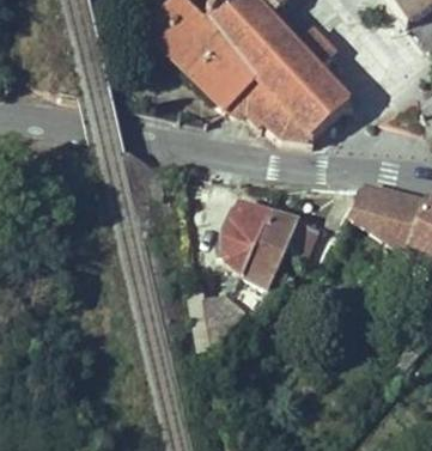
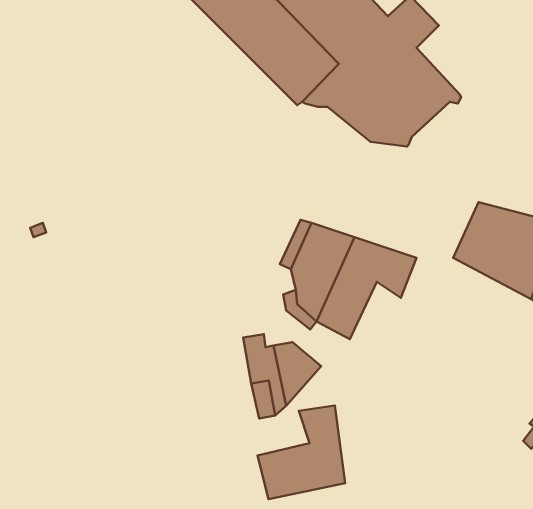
building: none -> [257,405,345,499]

